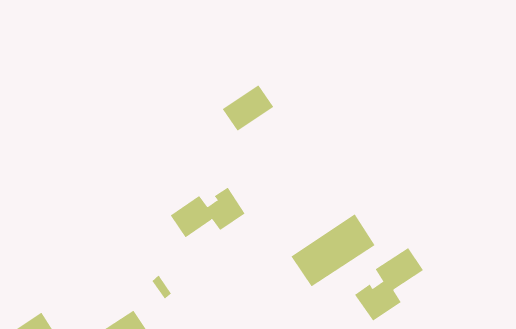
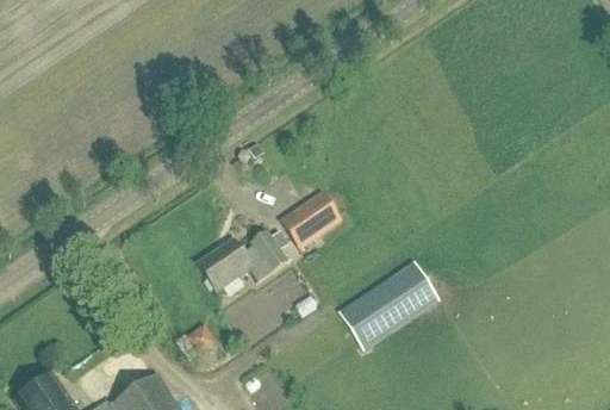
building: [222,84,274,132] -> [281,194,342,249]
building: [354,247,424,321] -> none

